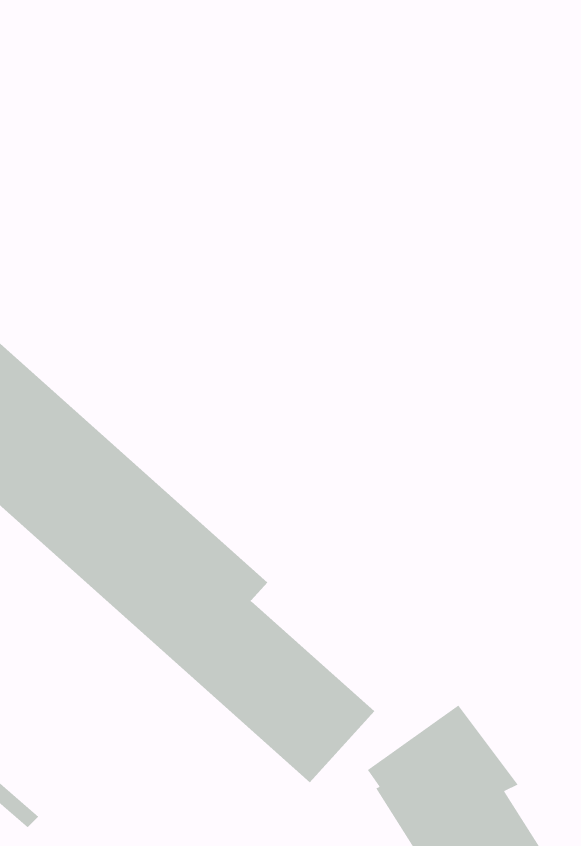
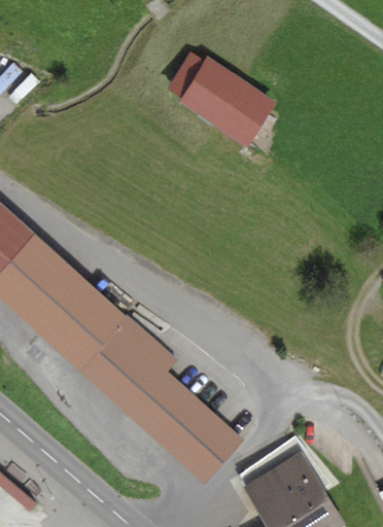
building: none -> [167,54,276,146]

